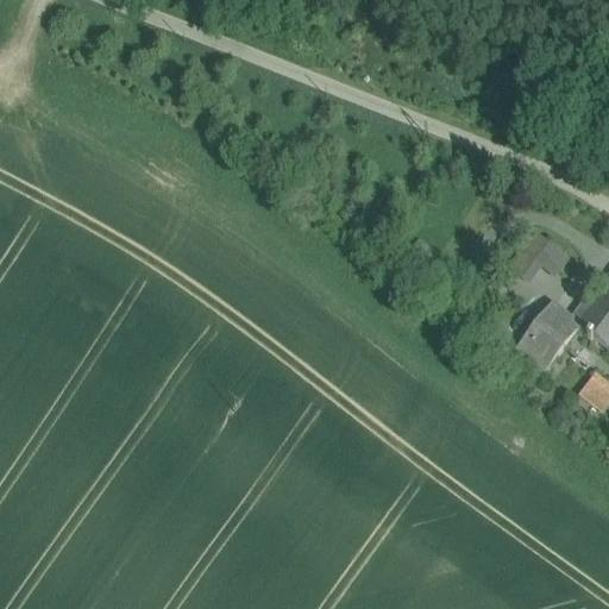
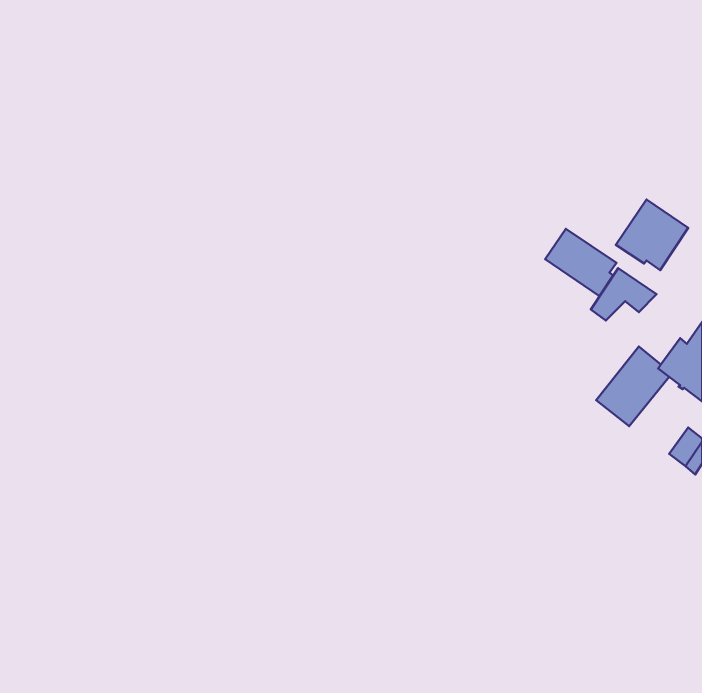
building: none -> [616,199,688,270]
building: none -> [545,229,617,296]

